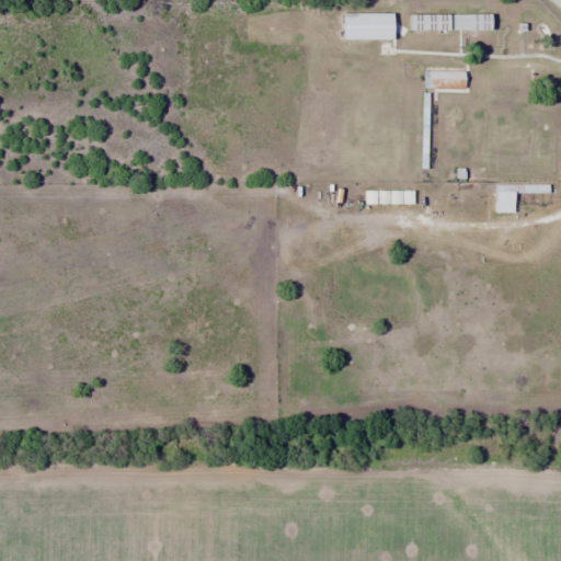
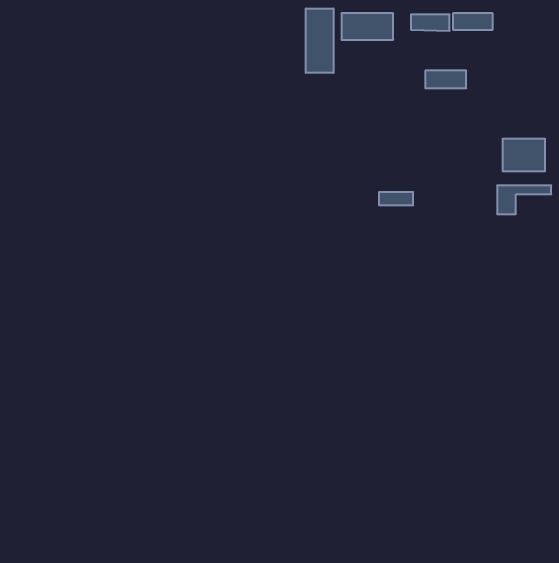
building: none -> [306,8,334,73]
building: none -> [503,139,545,171]

